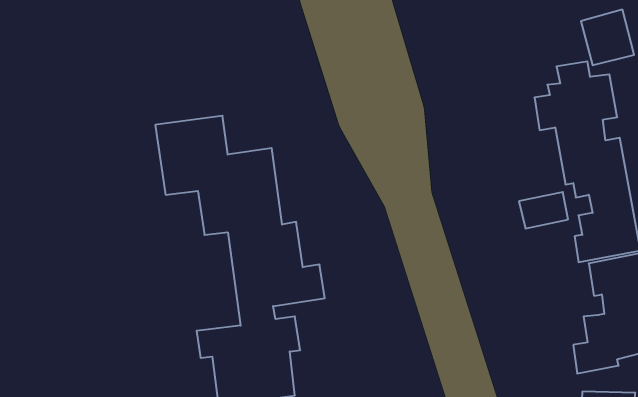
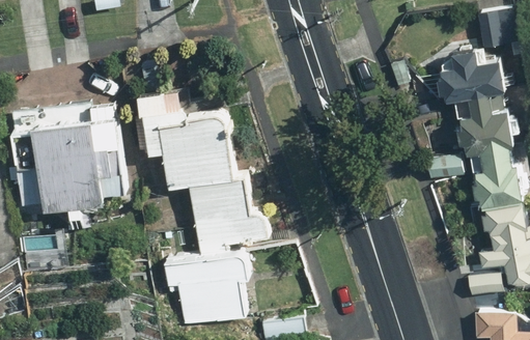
building: none -> [15,105,125,219]

